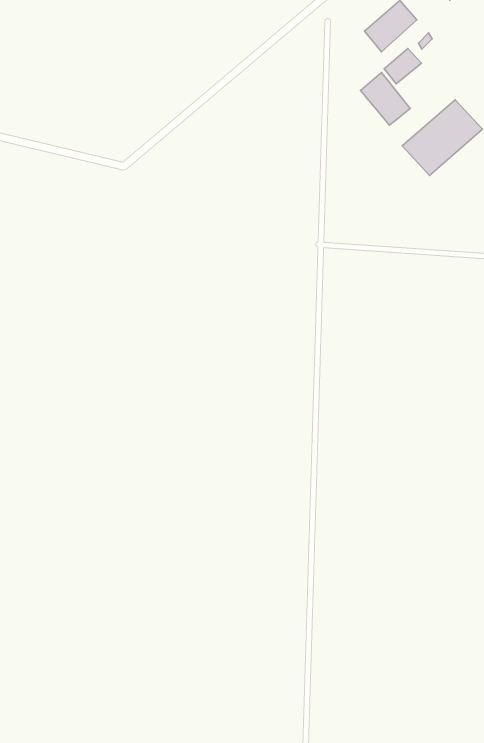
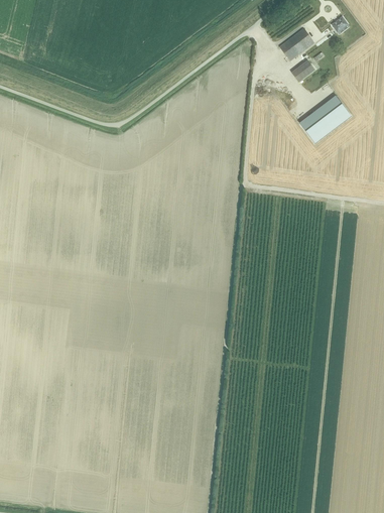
building: [361,72,410,125] -> none

